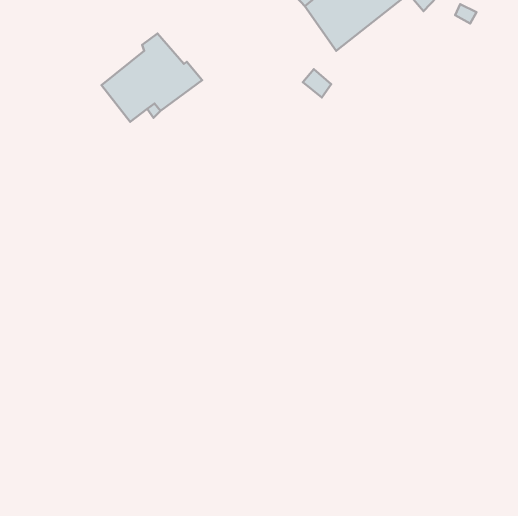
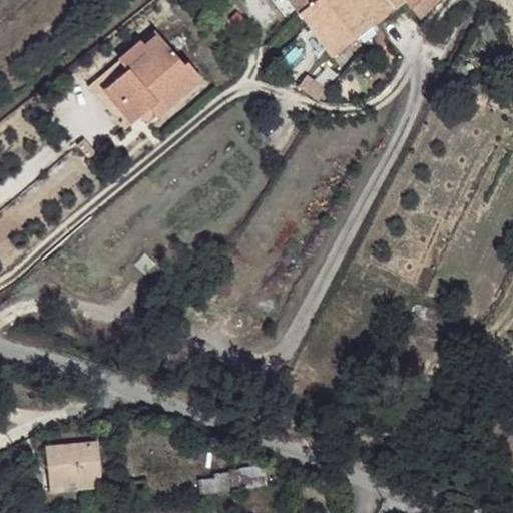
building: none -> [42,448,103,501]

